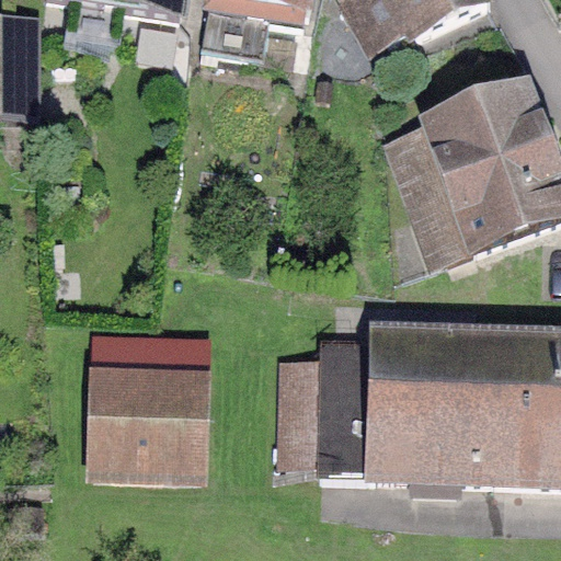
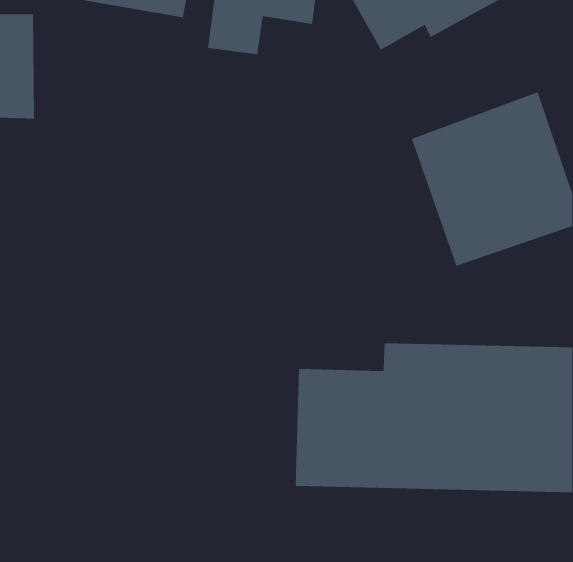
building: [89,340,208,470] -> none

